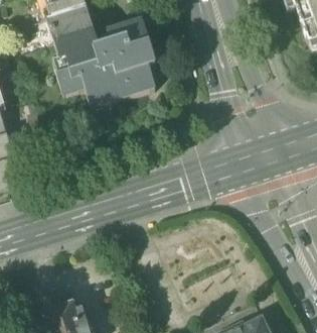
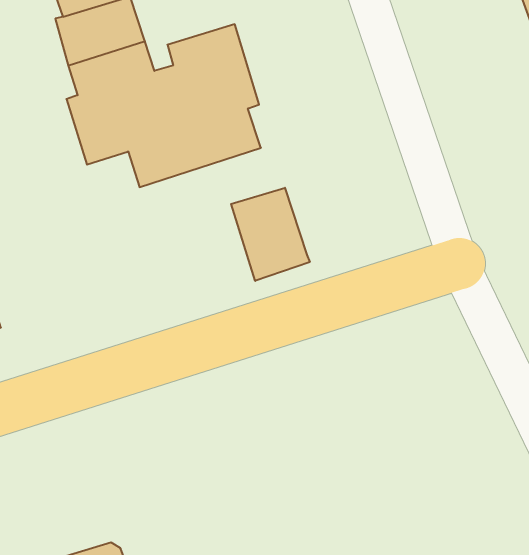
building: none -> [231,188,310,281]

